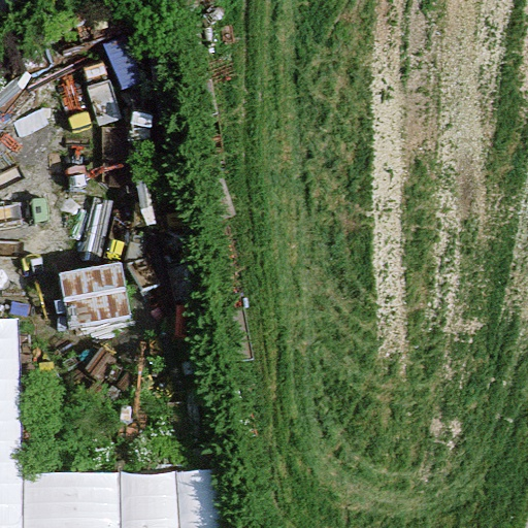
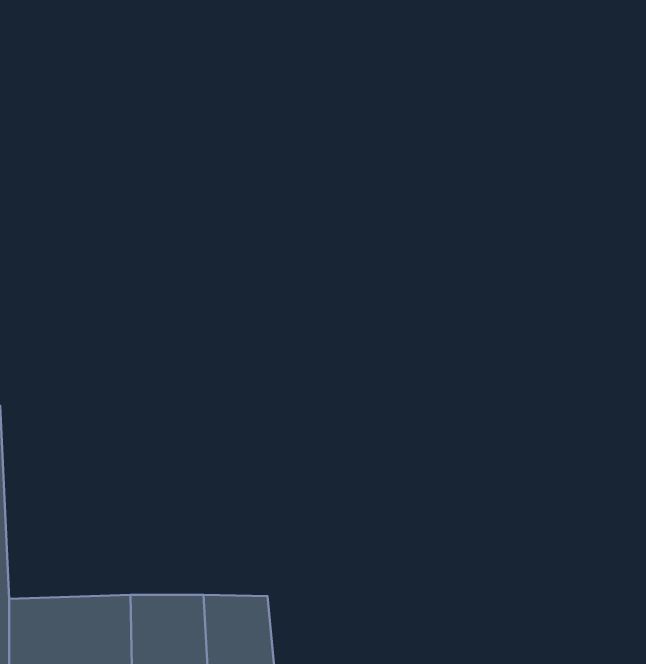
building: [46,264,126,328] -> none

